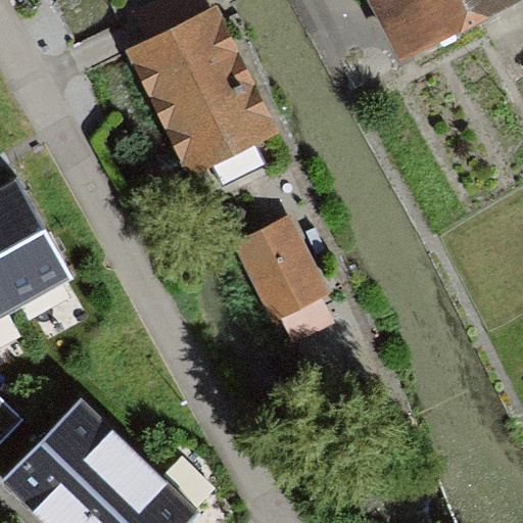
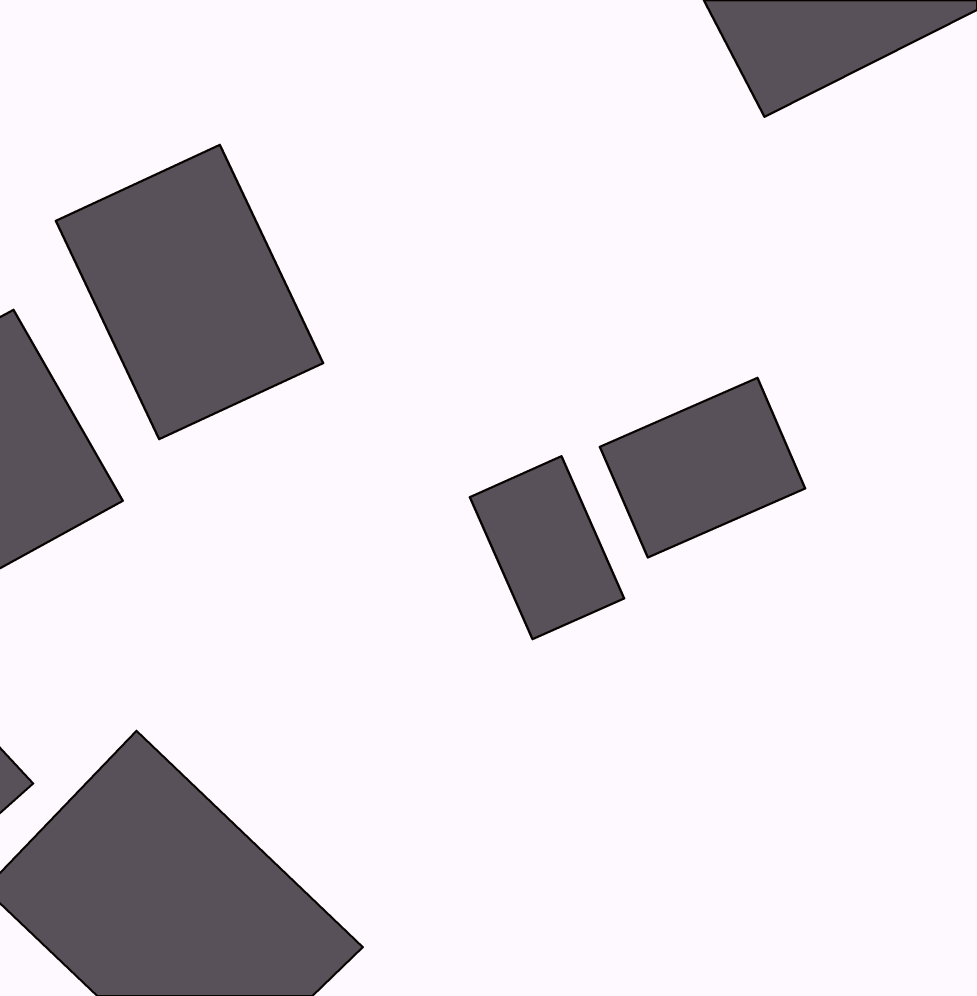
building: [132,21,272,176] -> [56,145,323,439]
building: none -> [600,378,805,557]

